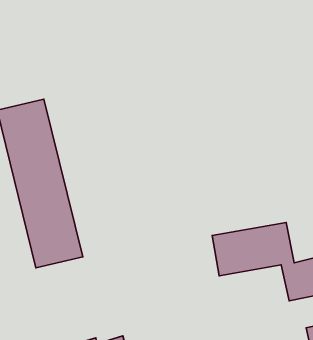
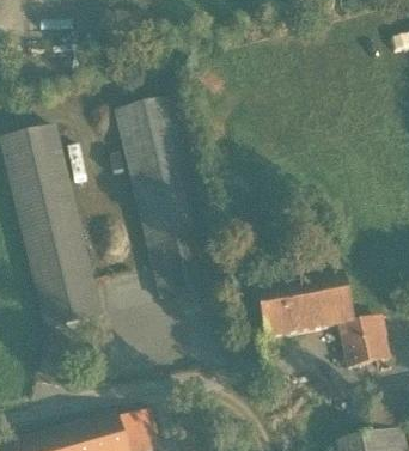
building: none -> [115,96,216,298]

